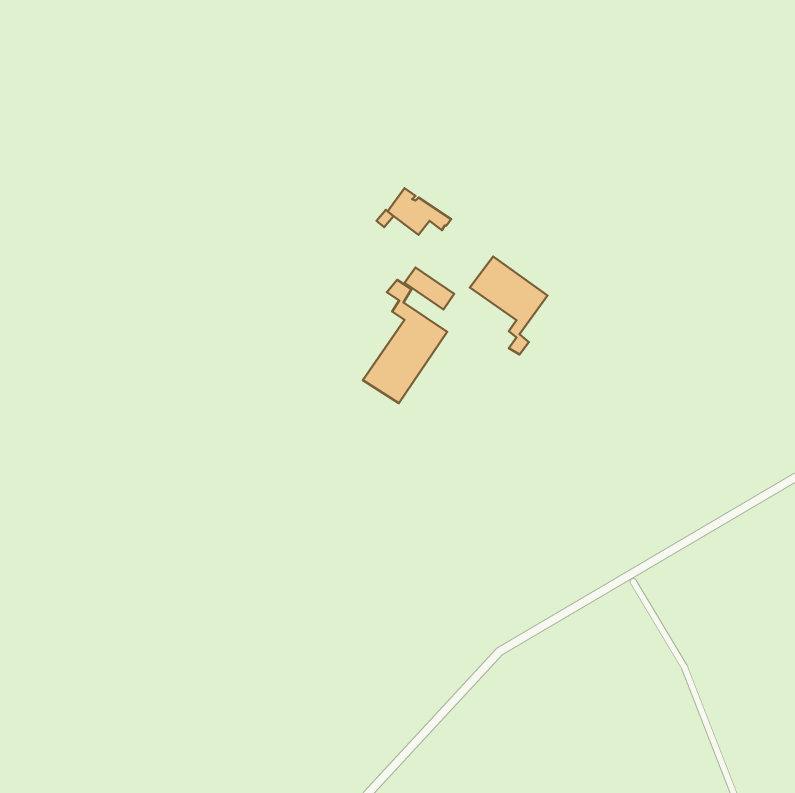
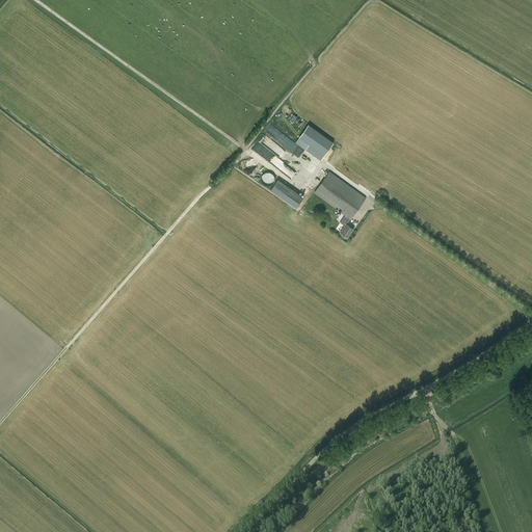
building: none -> [300,125,336,155]
building: [363,280,447,403] -> none

